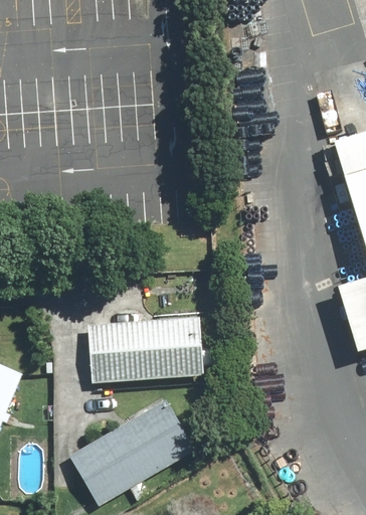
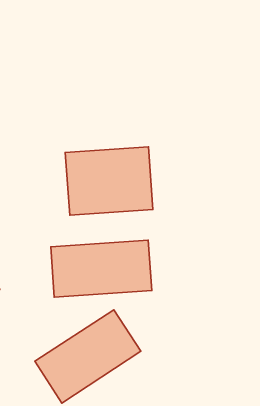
building: none -> [65,147,153,215]

